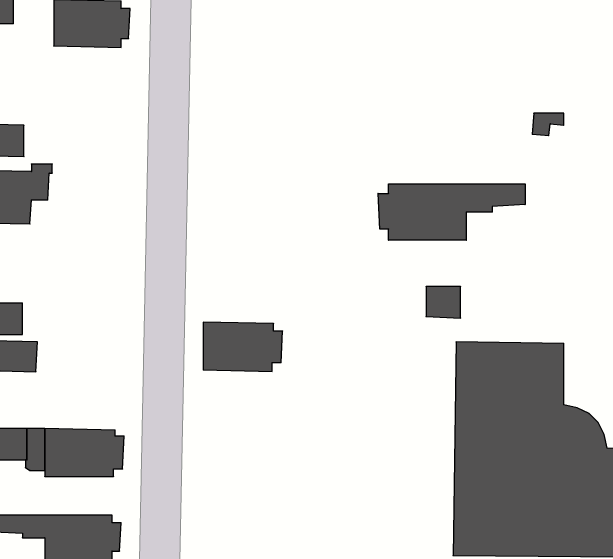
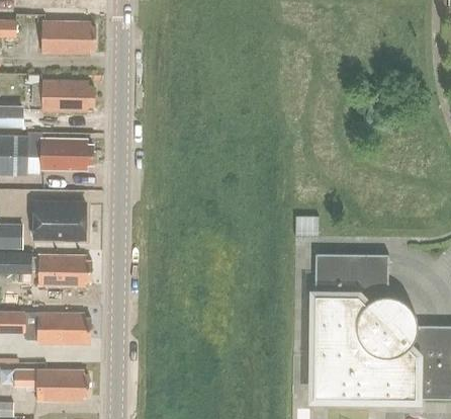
building: none -> [41,81,93,111]
building: none -> [38,139,92,170]
building: [378,184,525,240] -> none
building: none -> [33,202,85,240]
building: [203,322,283,371] -> [37,254,91,287]

